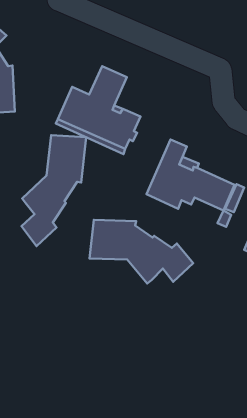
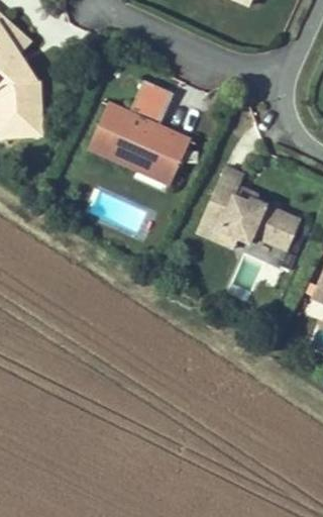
building: [21,135,86,246] -> none
building: [90,220,193,284] -> none

